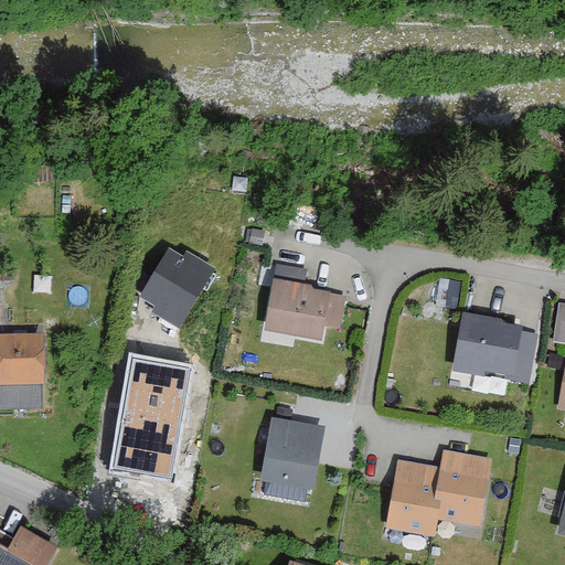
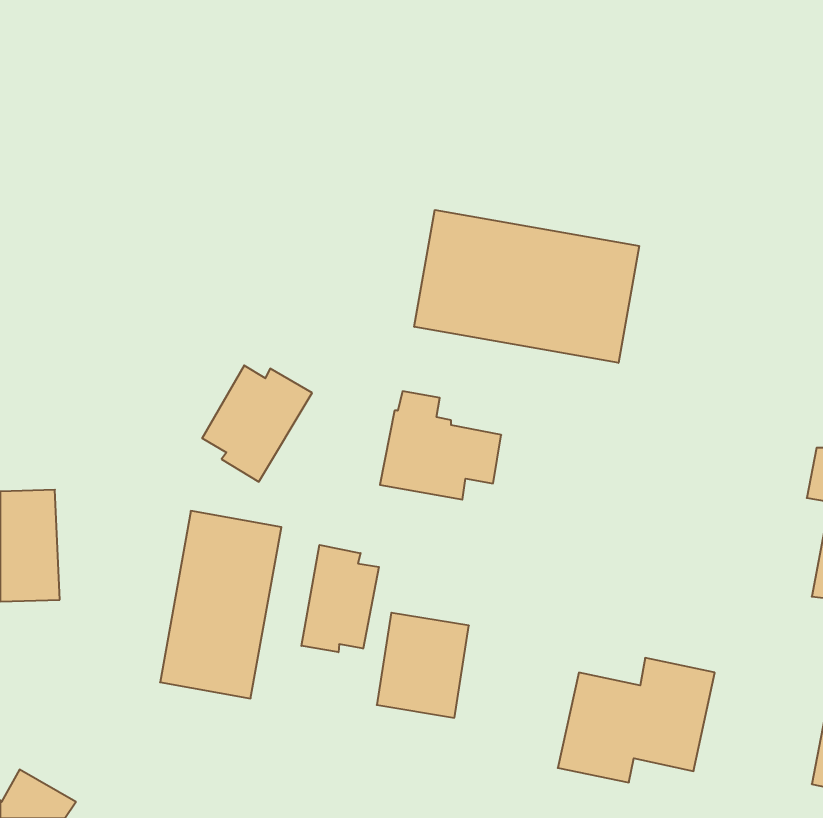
building: none -> [414,210,639,363]
building: [450,313,536,384] -> none
building: none -> [301,545,379,652]

